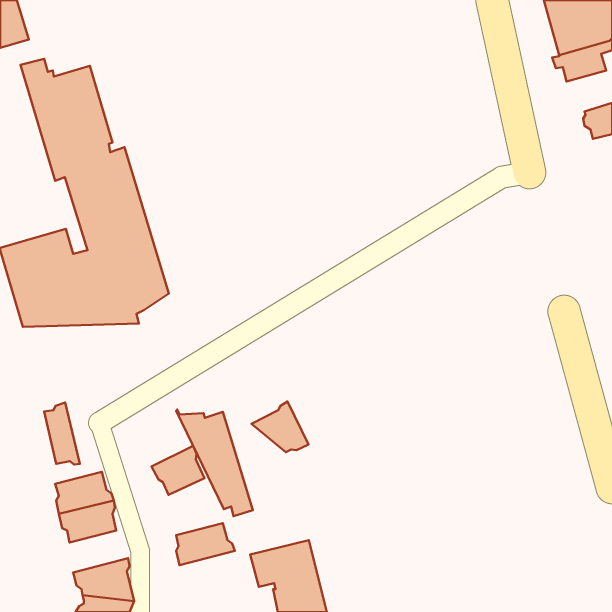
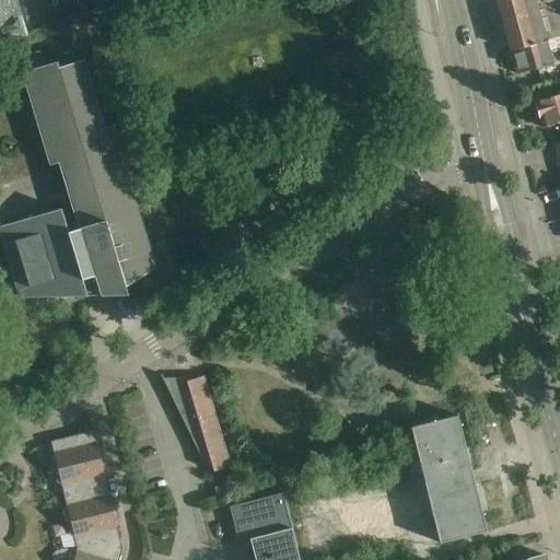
building: [252,401,309,452] -> none
building: [44,403,80,464] -> none
building: [151,446,204,495] -> none
building: none -> [410,416,486,542]
building: [176,523,235,565] -> [63,485,117,523]

